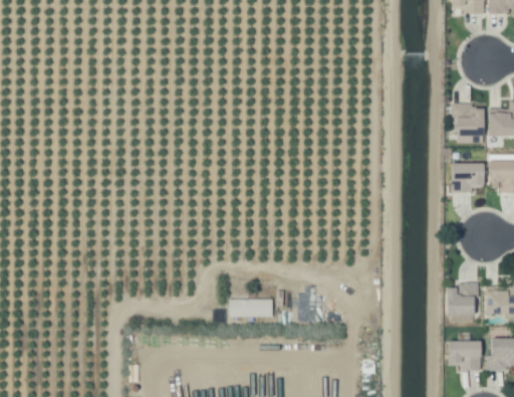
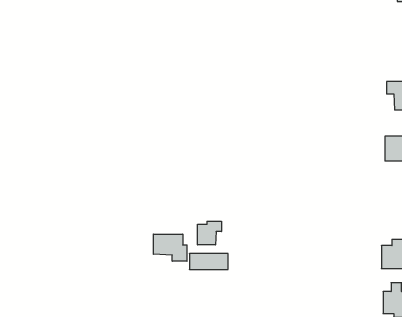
building: none -> [198,221,221,245]
building: none -> [153,234,187,261]

